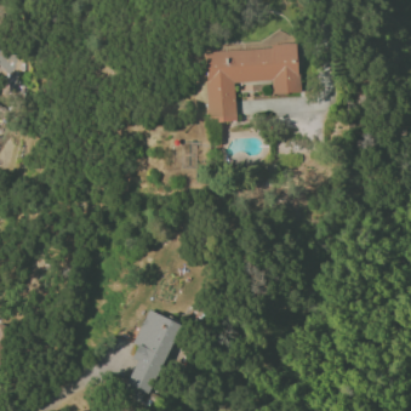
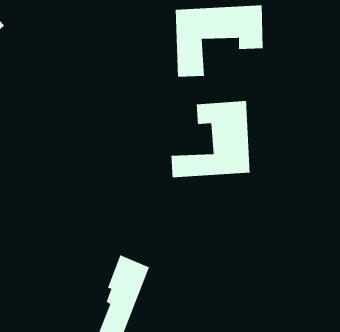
building: none -> [171,100,250,178]

